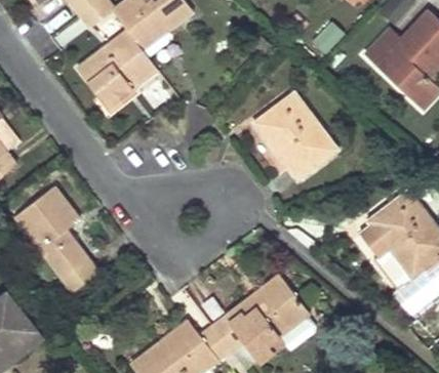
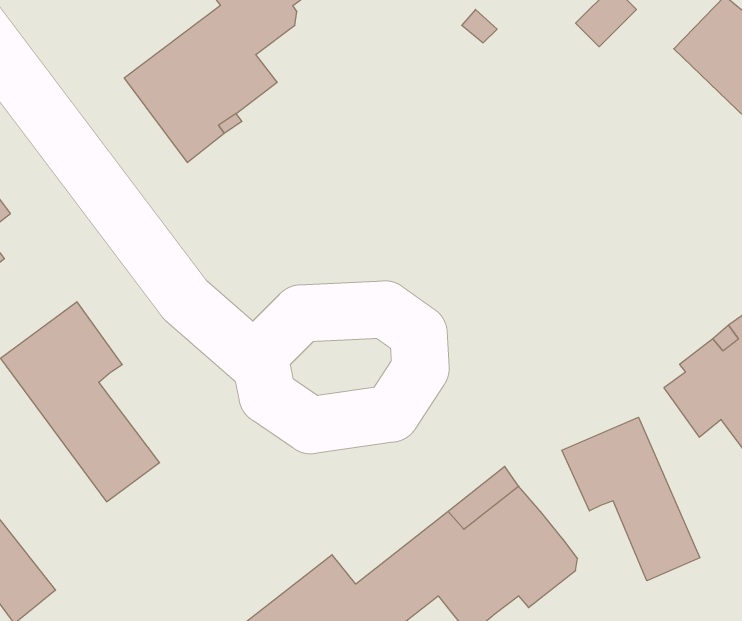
building: [252,90,336,180] -> none
building: none -> [562,417,700,581]

